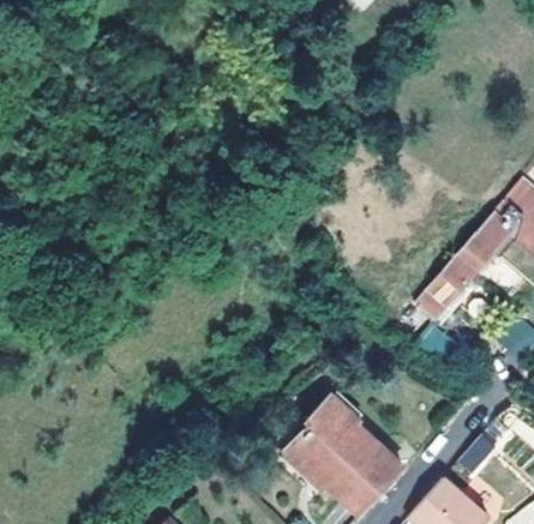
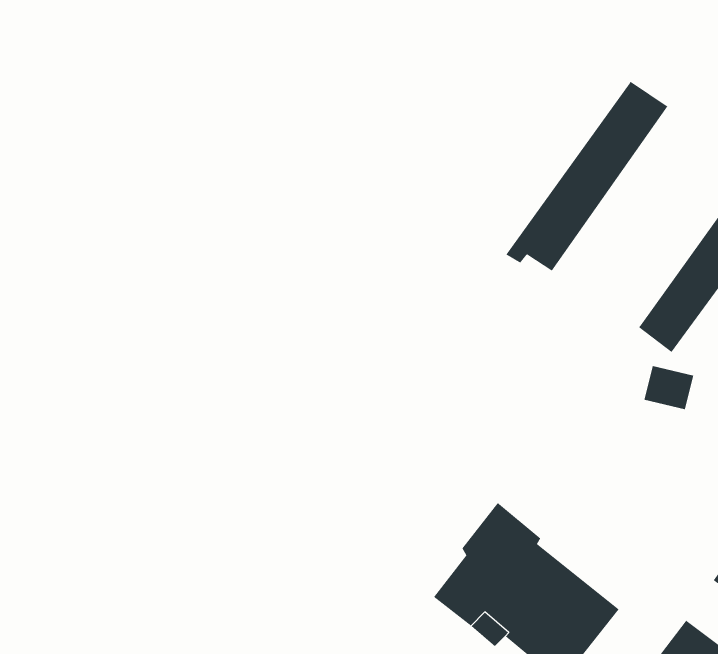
building: none -> [506,81,668,272]

